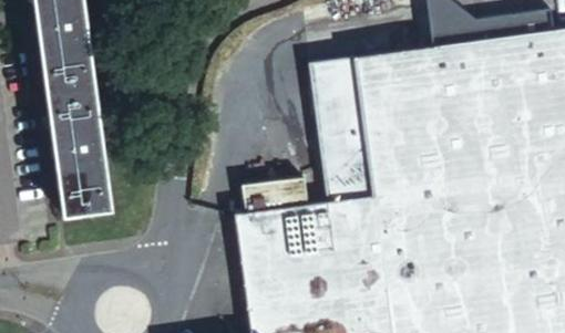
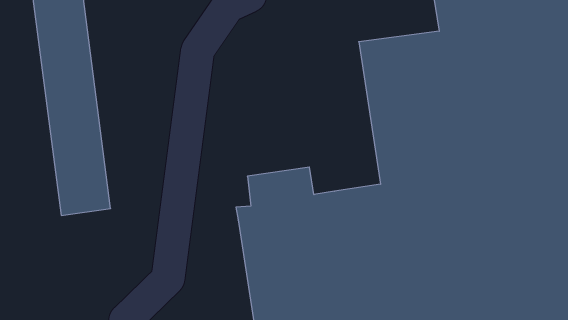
building: [308,55,373,199] -> none

